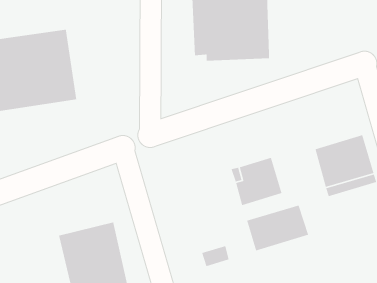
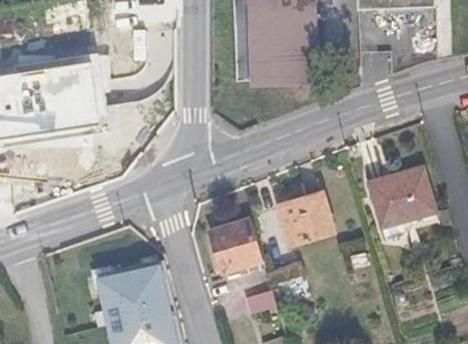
building: none -> [210,218,263,272]
building: [246,204,309,251] -> none

